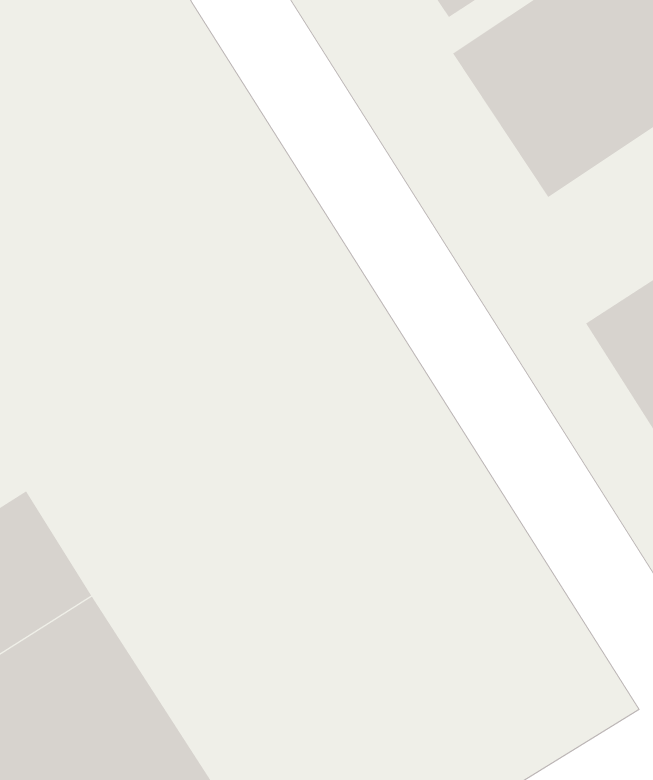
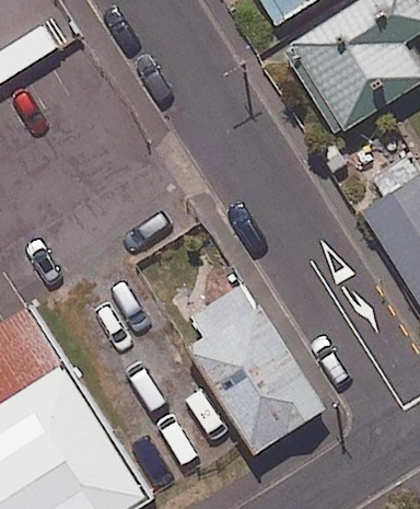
building: none -> [182,284,328,449]

